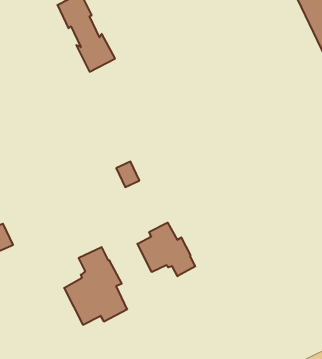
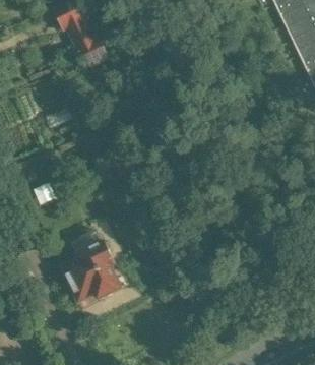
building: [137,223,195,276] -> none

